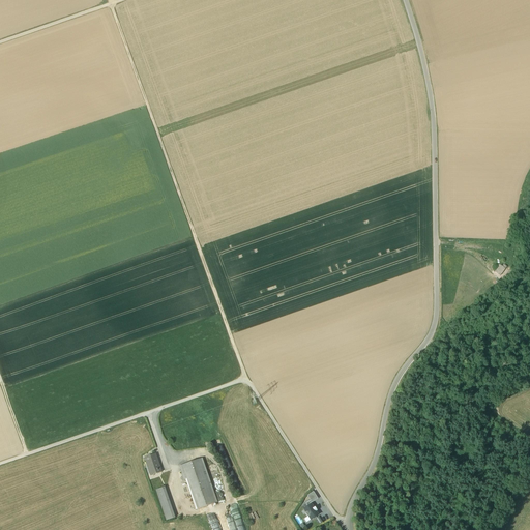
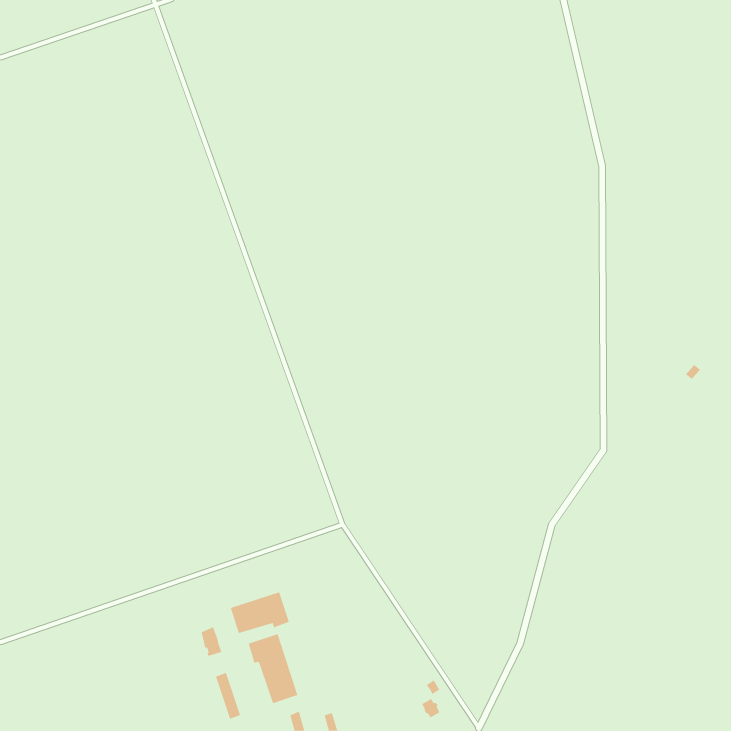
building: none -> [230,591,289,634]

